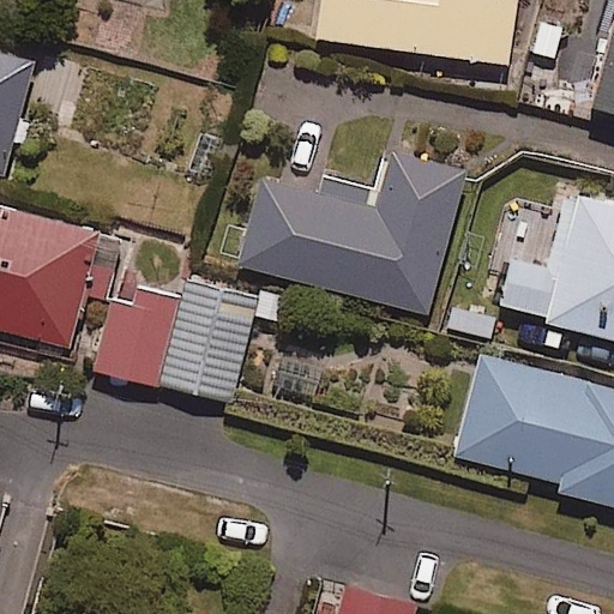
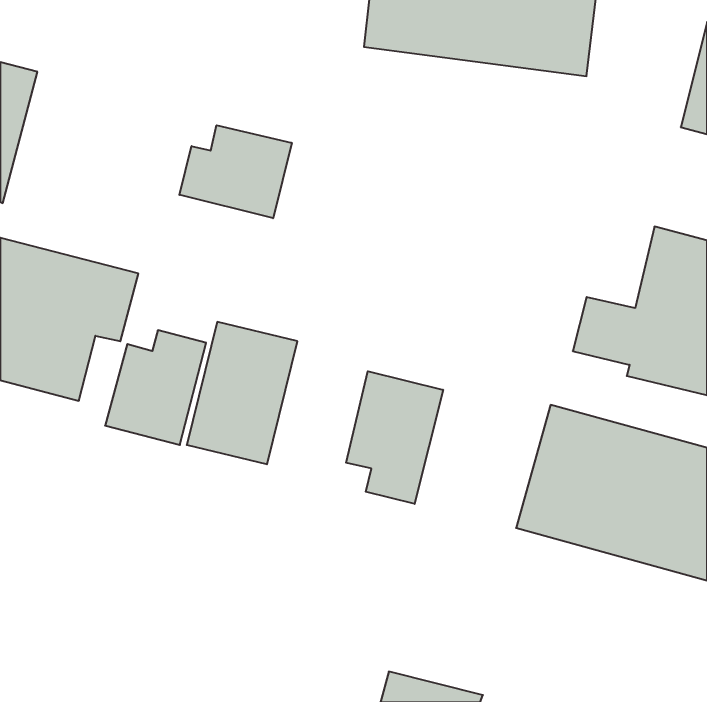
building: none -> [179,125,292,218]
building: [240,156,458,307] -> none
building: none -> [346,371,443,504]

